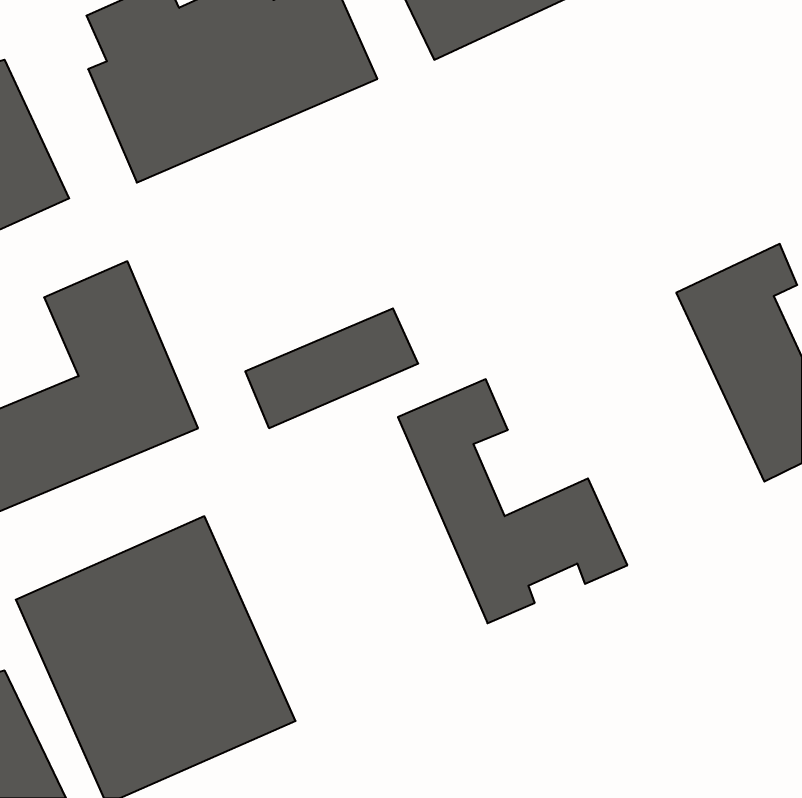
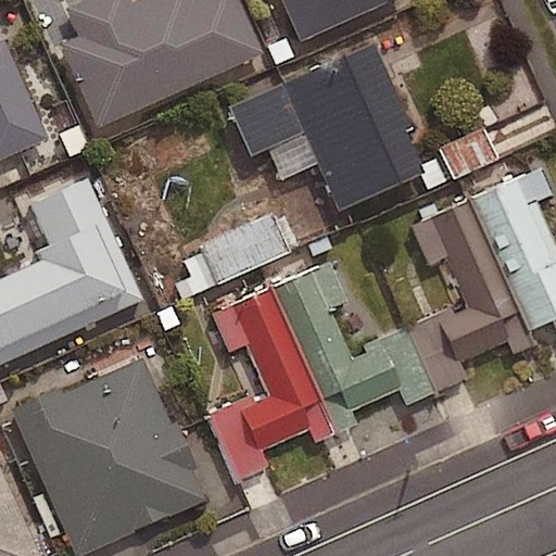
building: none -> [230,47,426,212]
building: none -> [406,202,533,390]
building: none -> [211,288,337,477]

